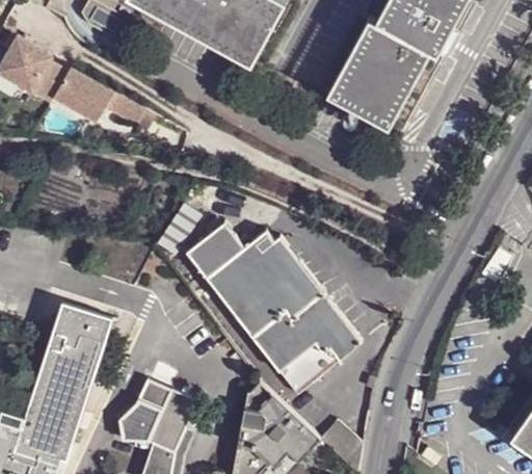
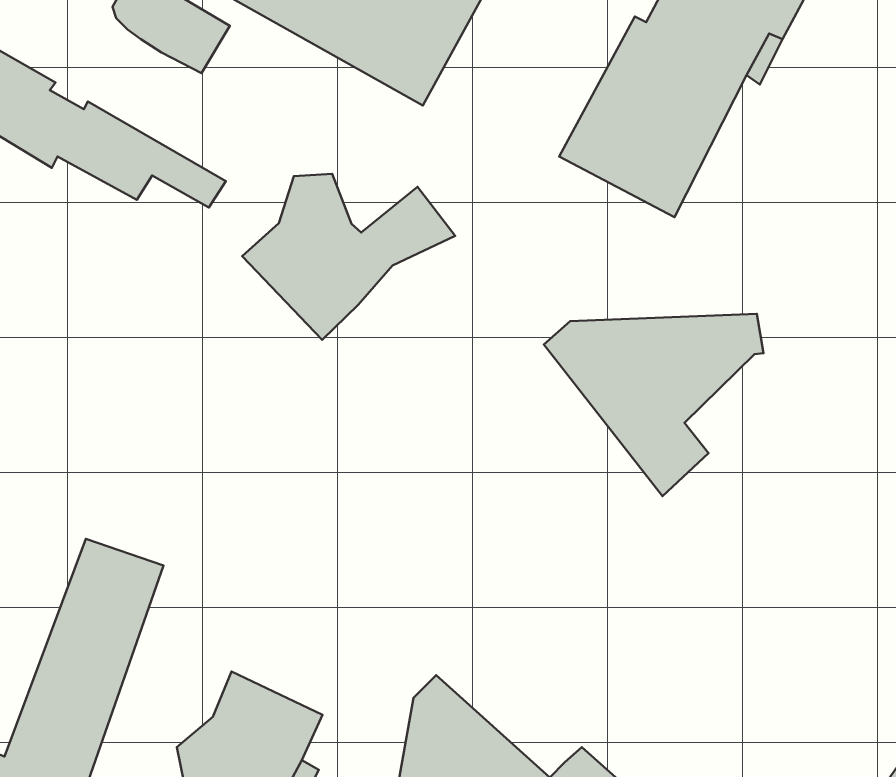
building: none -> [242,174,455,340]
building: none -> [544,314,763,496]
building: [184,223,361,396] -> none

